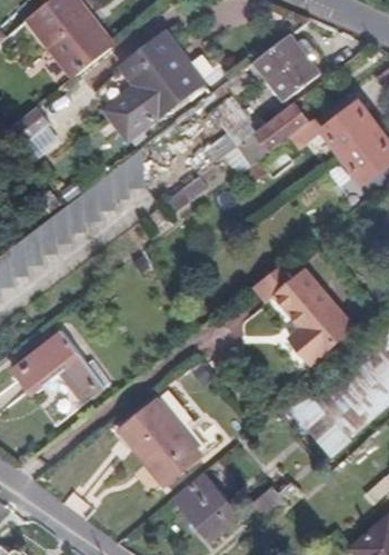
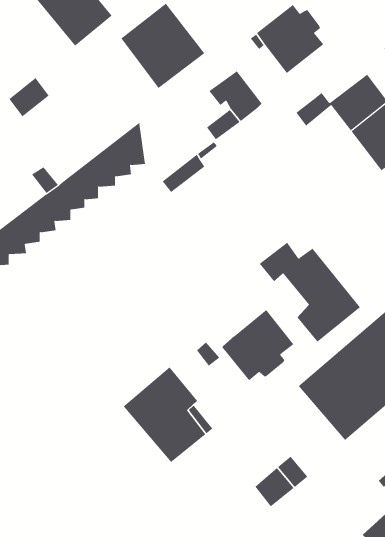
building: [92,67,156,141] -> none
building: [247,103,308,165] -> none
building: none -> [222,309,294,381]
building: [11,330,106,405] -> none
building: [177,475,237,538] -> none

